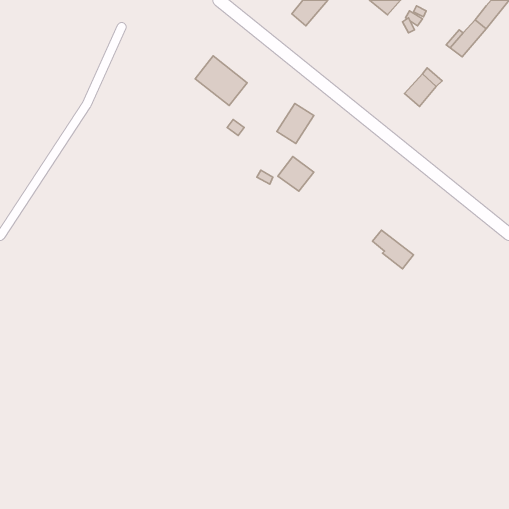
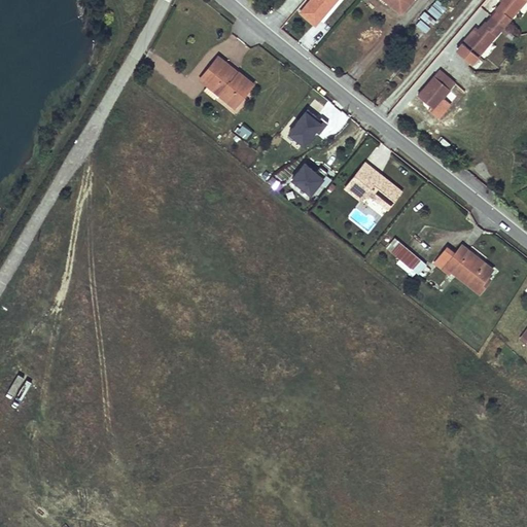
building: none -> [345,163,402,209]
building: none -> [435,246,494,293]

